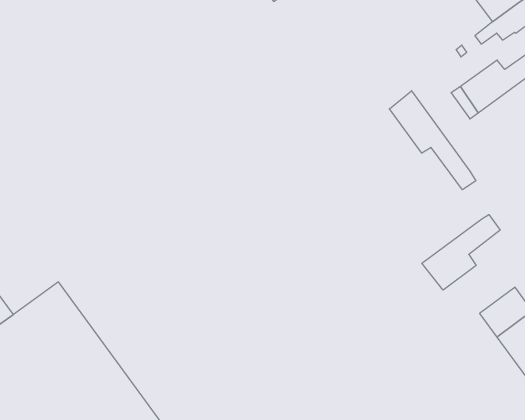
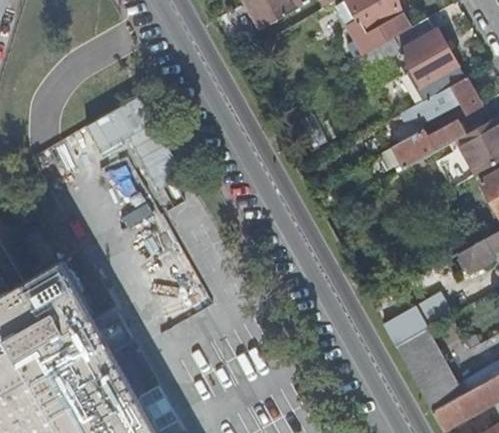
building: [389,91,476,190] -> none
building: [422,215,500,290] -> none

